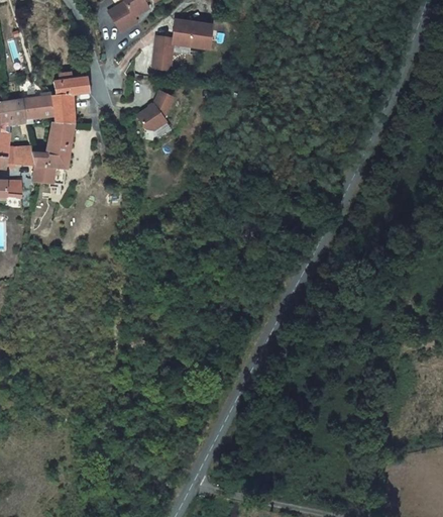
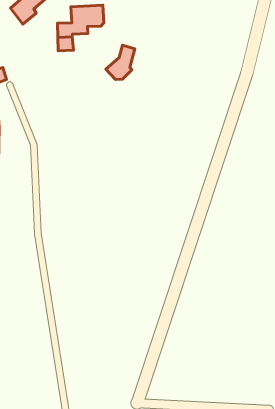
building: [136,91,173,129] -> [106,45,135,79]

